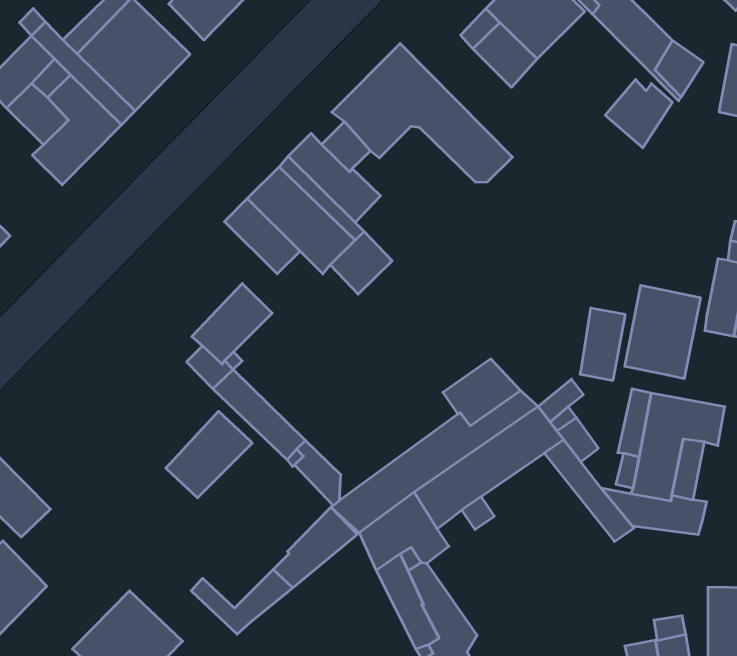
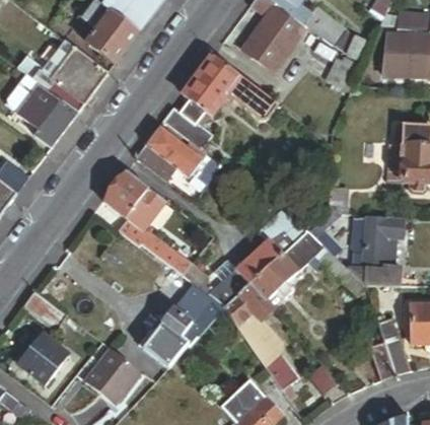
building: none -> [103,169,149,217]
building: [625,285,700,379] -> none
building: [166,411,252,498] -> [148,307,191,353]

